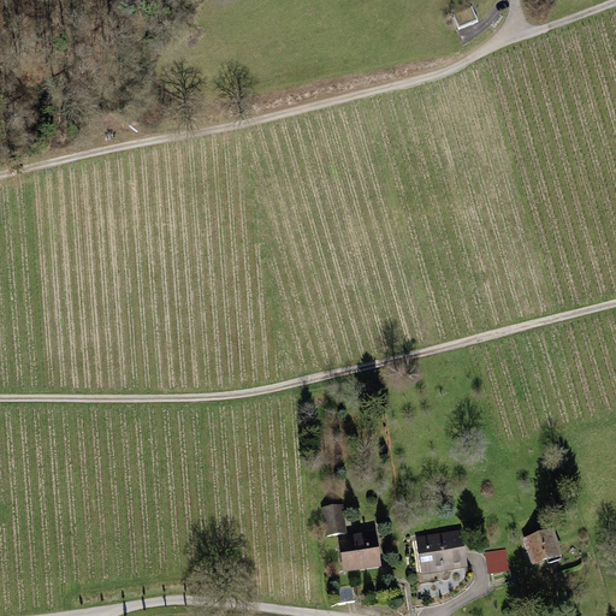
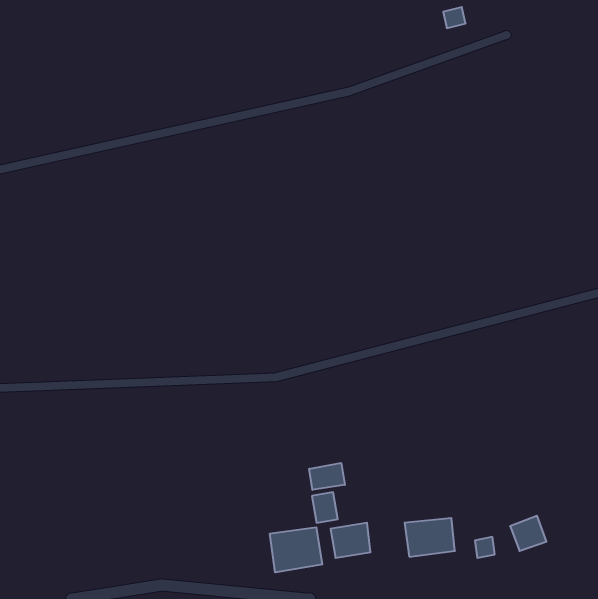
building: none -> [309,463,345,490]
building: none -> [270,527,322,572]

